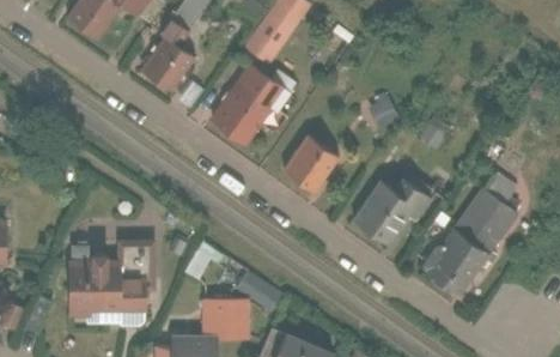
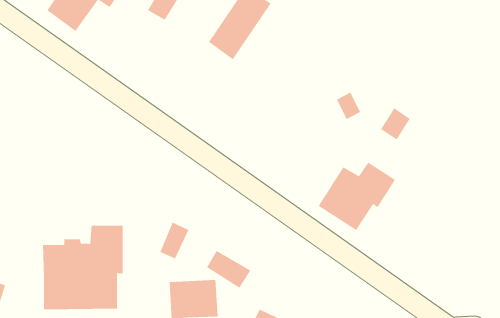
building: [145,22,201,93] -> none
building: [215,73,285,147] -> none
building: [285,137,341,194] -> none
building: [424,188,522,298] -> none

